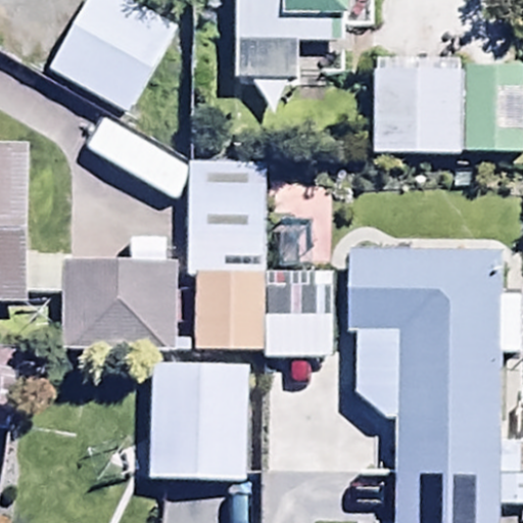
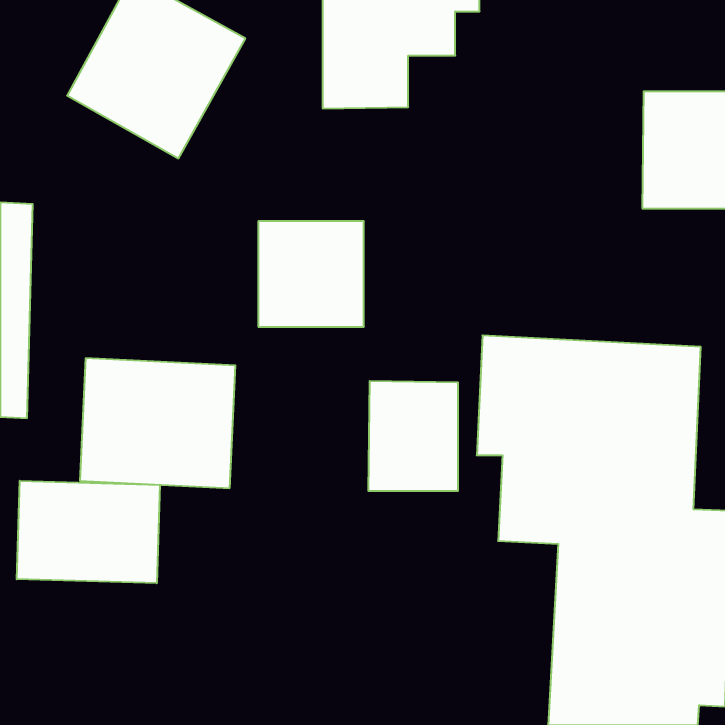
building: [376,64,464,149] -> none
building: [193,273,268,351] -> none
building: none -> [17,481,160,583]
building: [147,363,250,476] -> none

